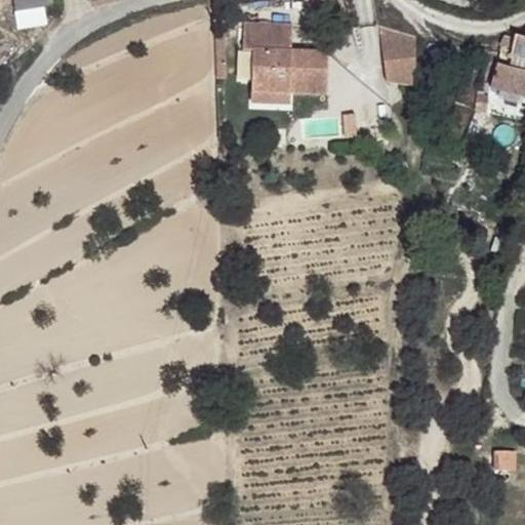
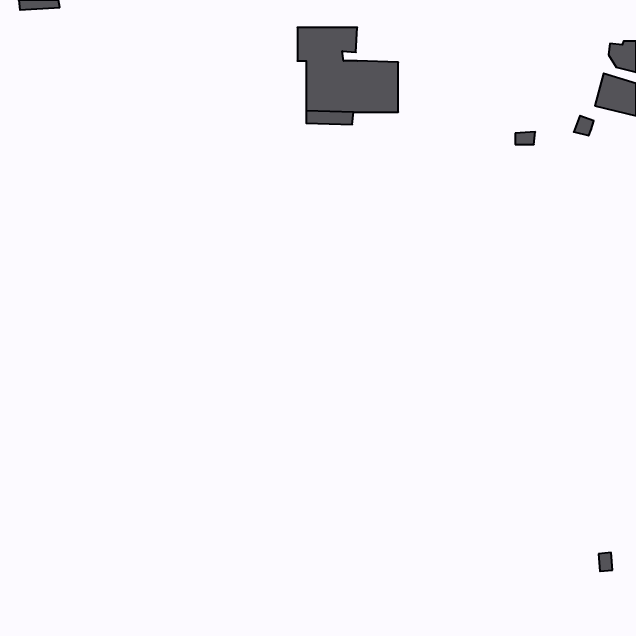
building: [388,35,409,84] -> none

